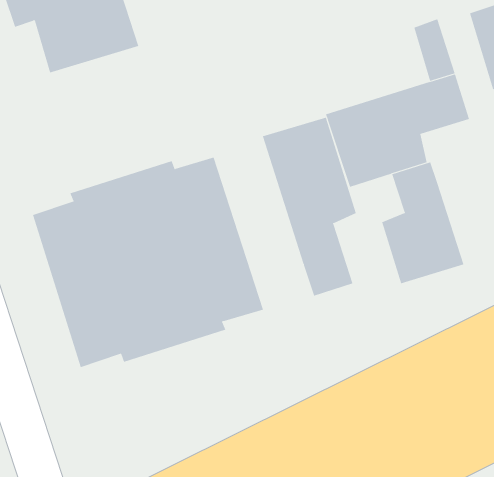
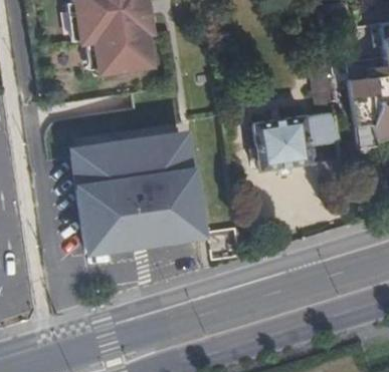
building: [262,117,357,296] -> none
building: [381,161,464,284] -> none

